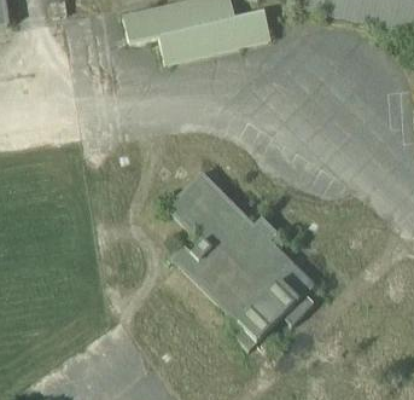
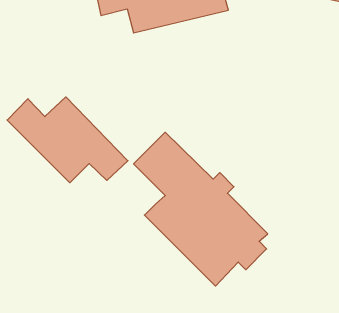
building: none -> [7,97,128,183]

